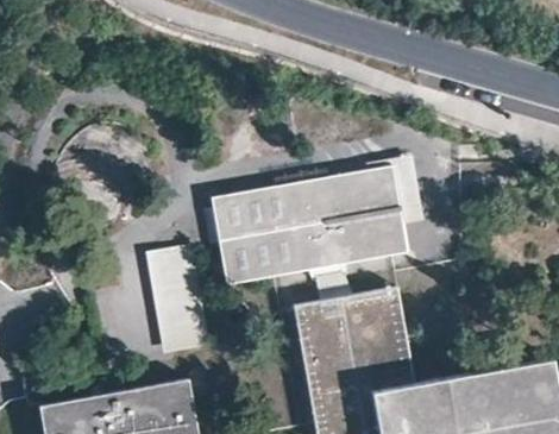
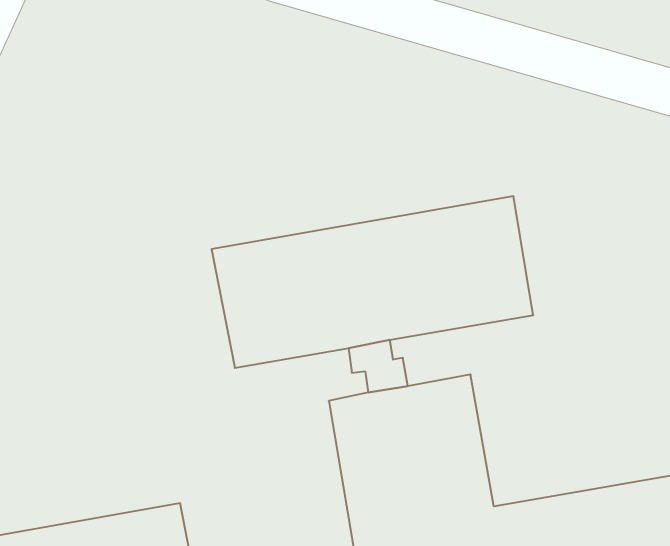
building: [144,246,209,356] -> none

